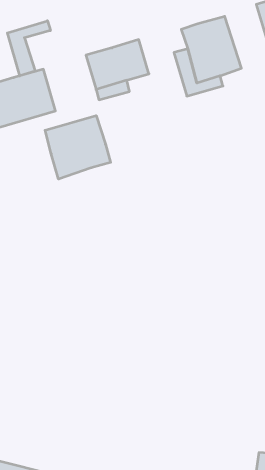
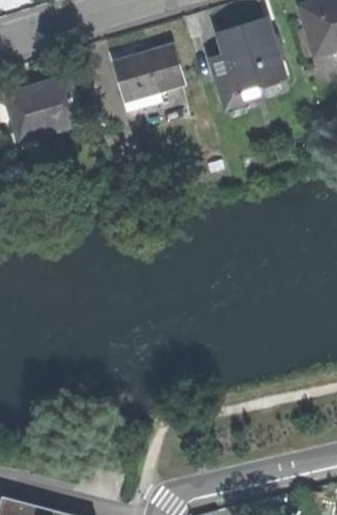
building: [7,21,50,76] -> none
building: [45,116,111,179] -> none

